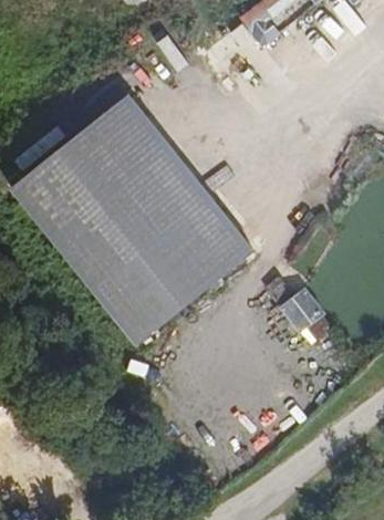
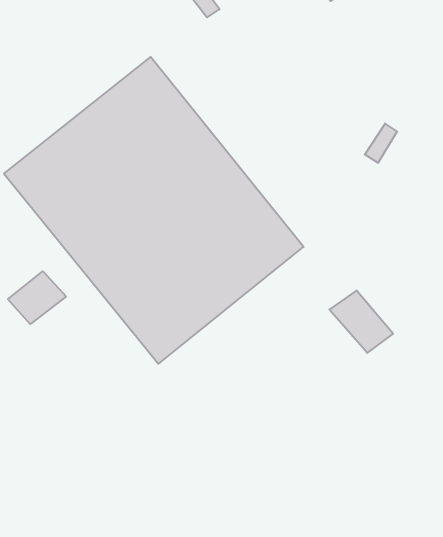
building: none -> [8,271,66,324]

